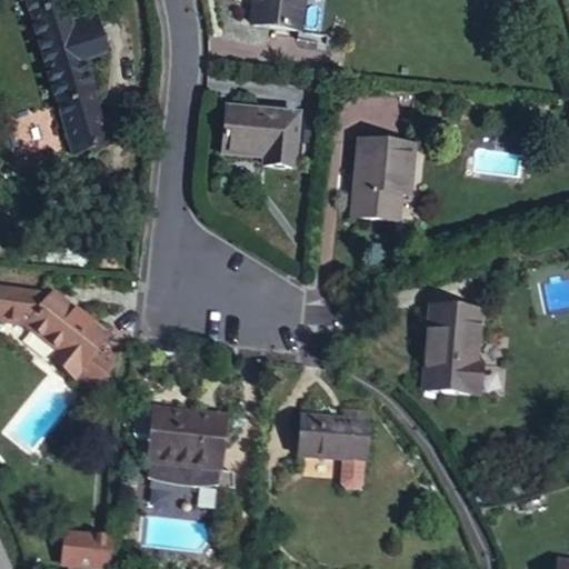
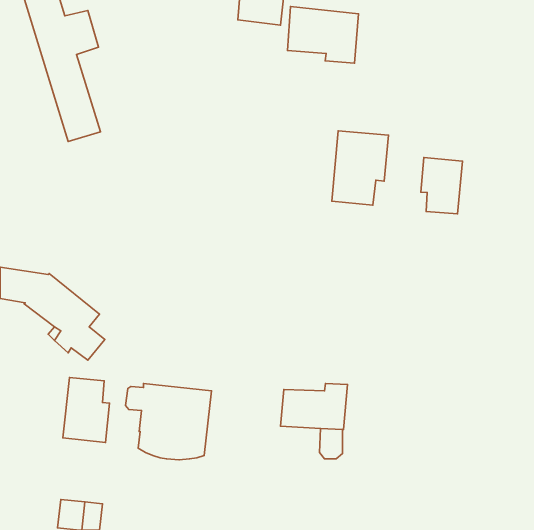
building: [223,103,299,163] -> [287,7,359,63]
building: none -> [421,157,462,214]
building: [423,305,481,391] -> none
building: none -> [63,378,110,443]

